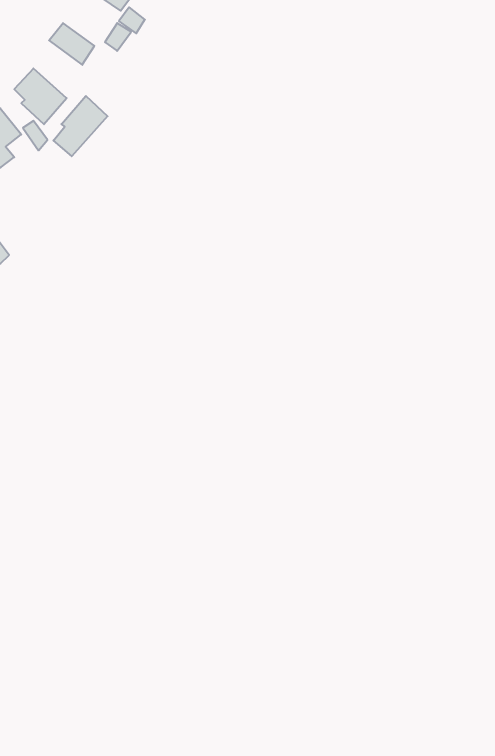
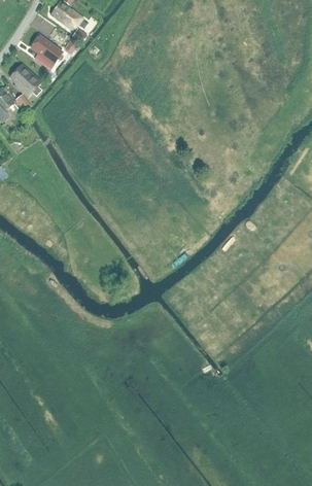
building: [53,96,108,156] -> none

